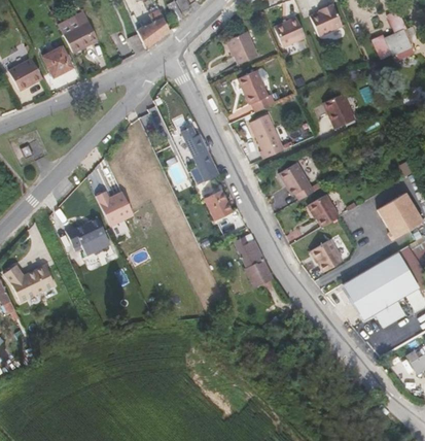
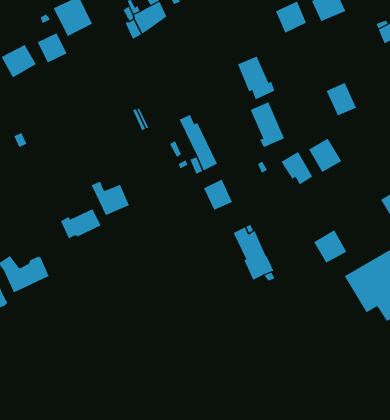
building: [227,31,258,65] -> none
building: [309,194,342,228] -> [308,138,342,173]

